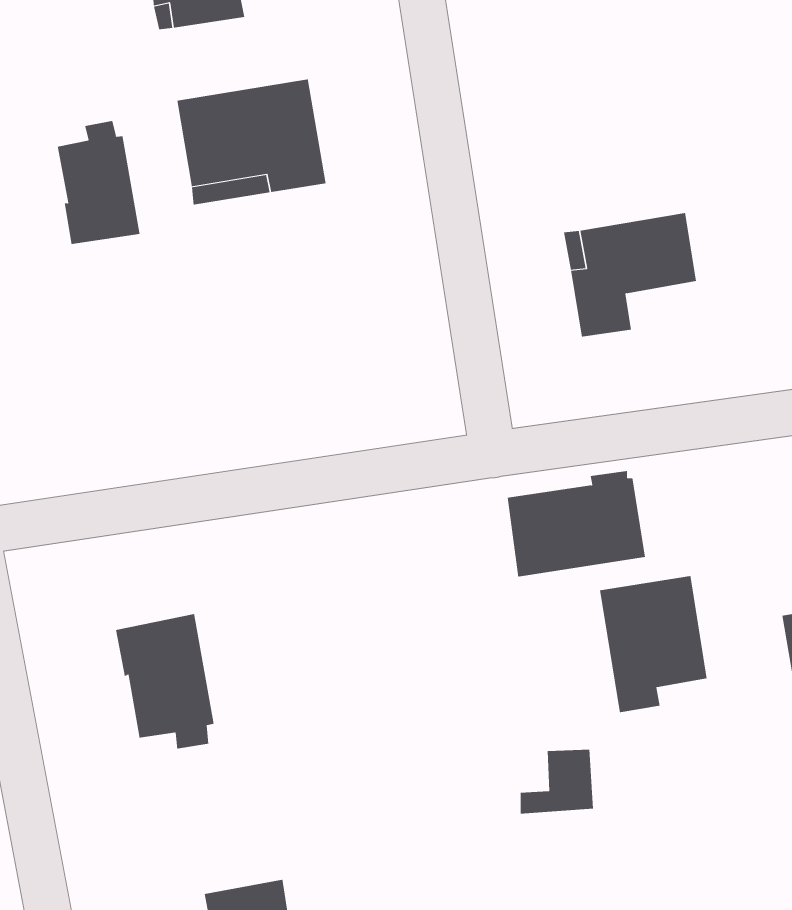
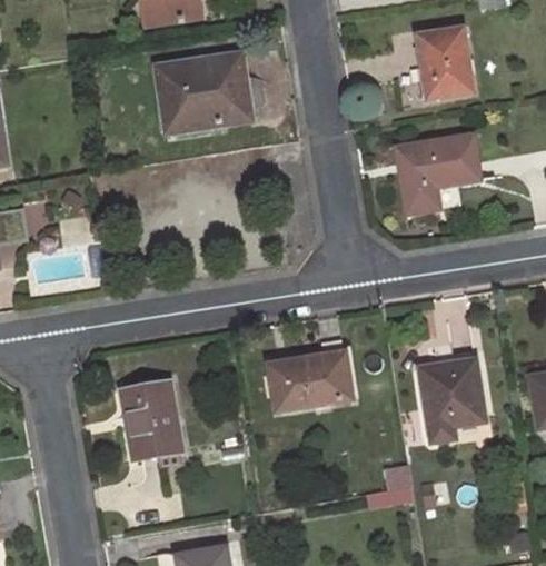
building: none -> [418,28,474,98]
building: [57,120,140,245] -> none
building: [507,471,646,577] -> [268,346,354,411]

